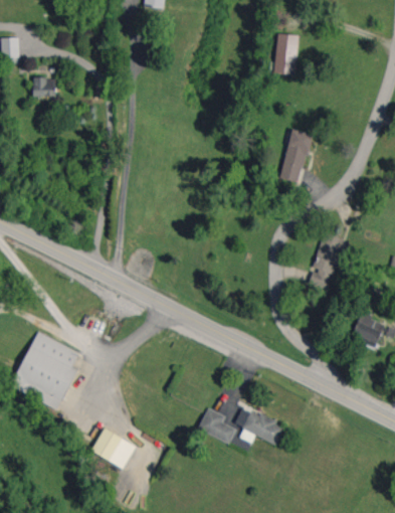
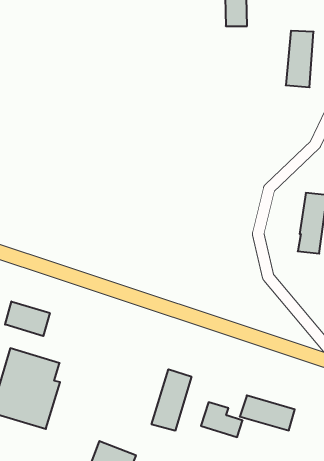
building: [279,130,312,183] -> [286,31,314,87]
building: none -> [5,301,50,336]
building: none -> [152,369,191,431]

